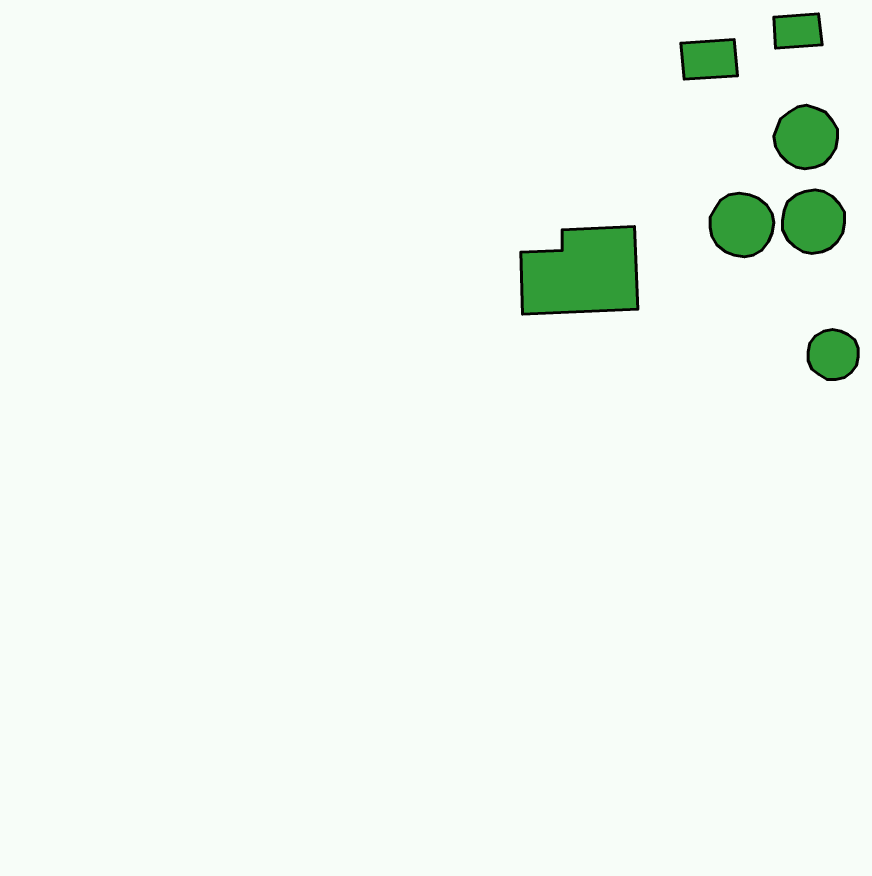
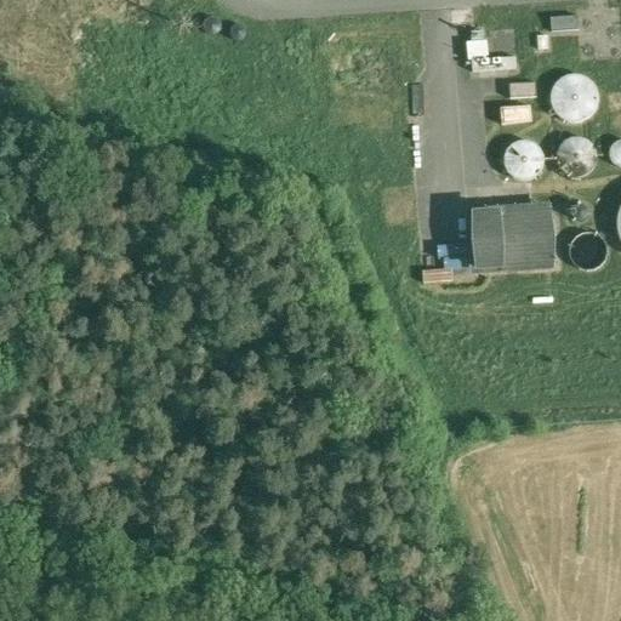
building: [521,226,638,314] -> [472,206,554,268]

